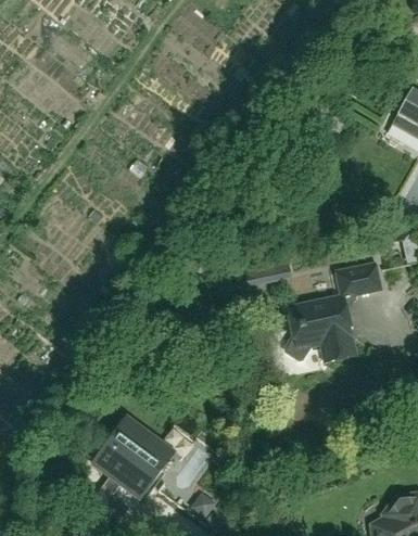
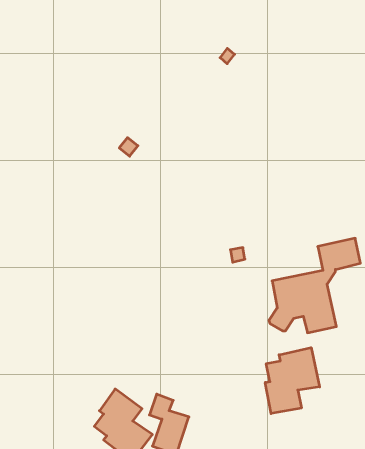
building: none -> [265,348,320,414]

